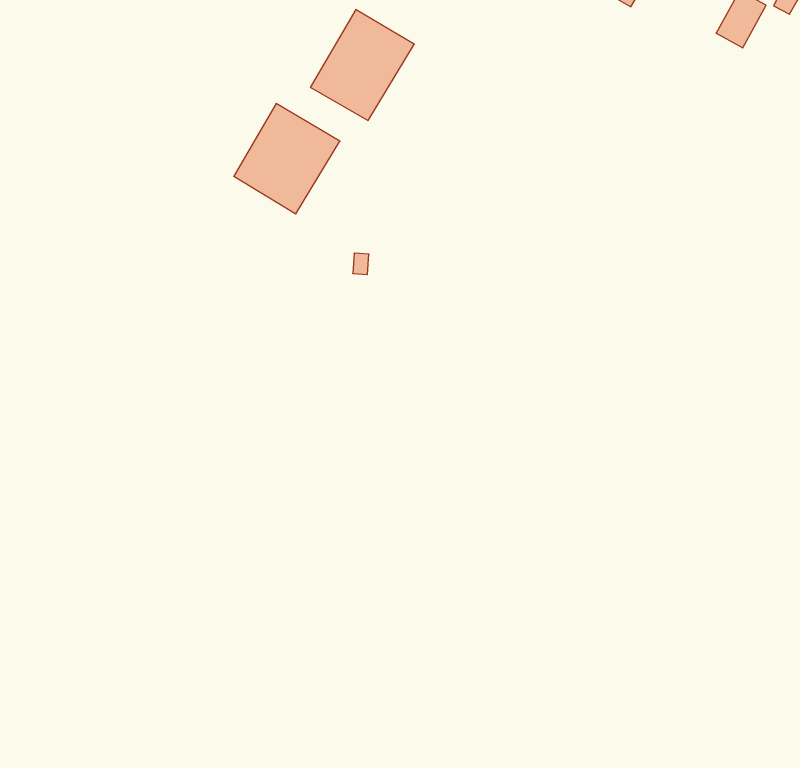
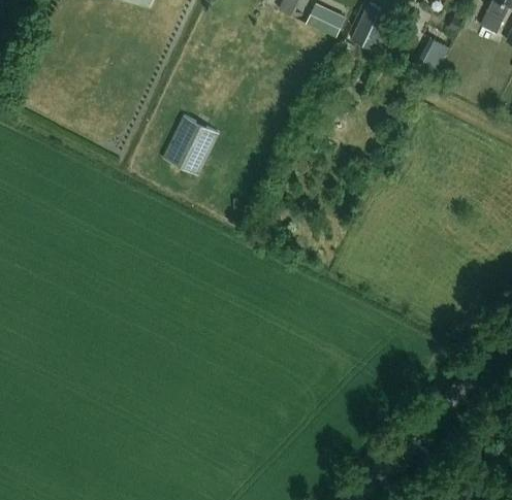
building: [311,9,414,121] -> none

